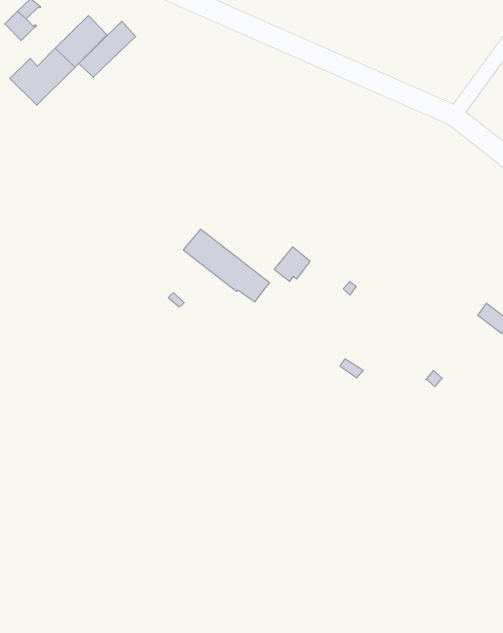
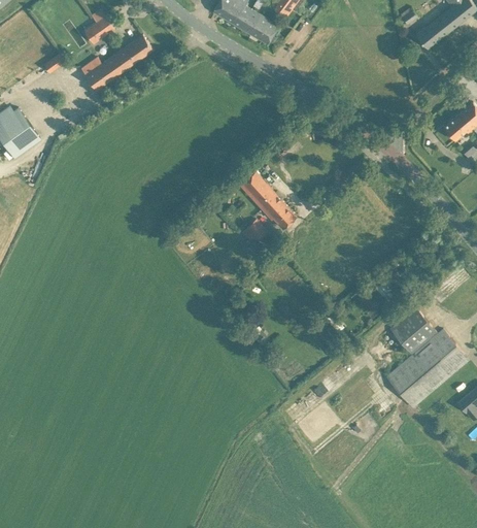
building: [79,21,136,77] -> none
building: [183,229,270,302] -> [240,172,296,229]

